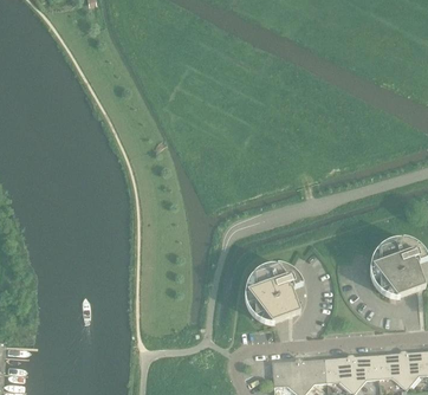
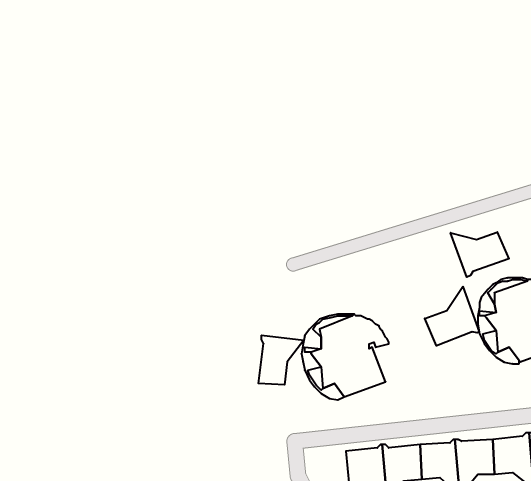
building: none -> [451,232,509,277]
building: none -> [425,287,479,346]
building: none -> [258,335,304,385]

